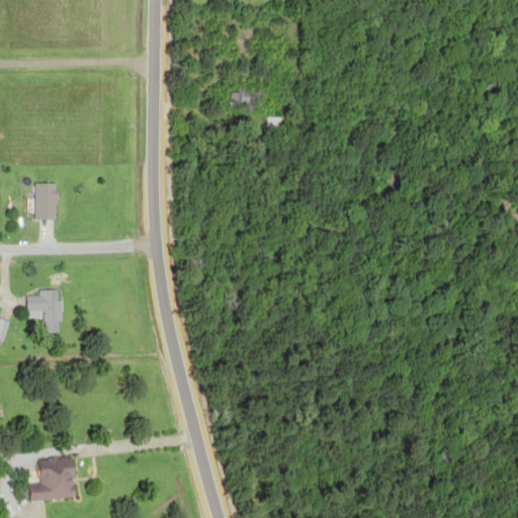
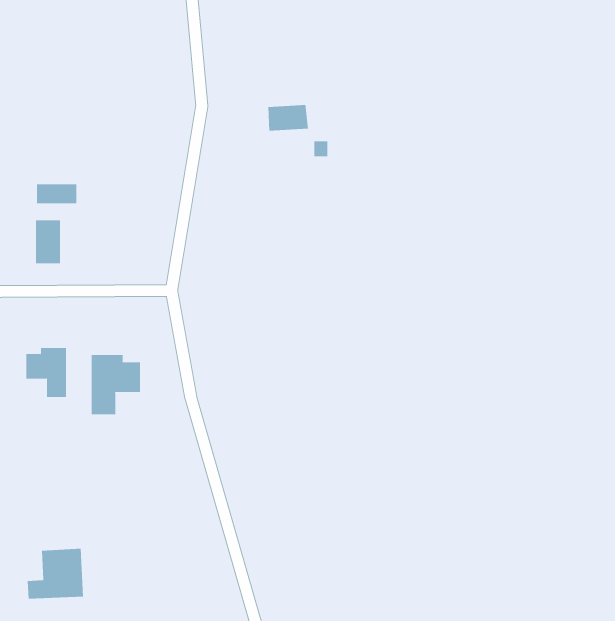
building: none -> [36,184,77,204]
building: none -> [91,354,140,415]

